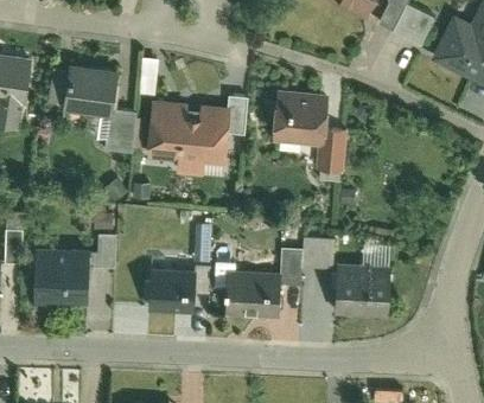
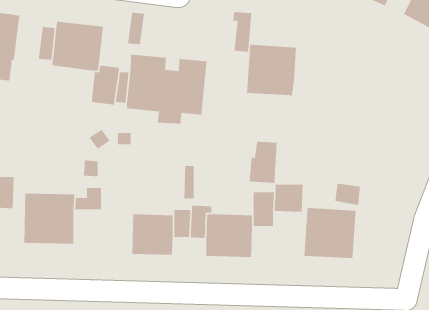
building: [225,95,247,139] -> [232,12,252,52]
building: [316,127,346,173] -> [249,141,277,184]

